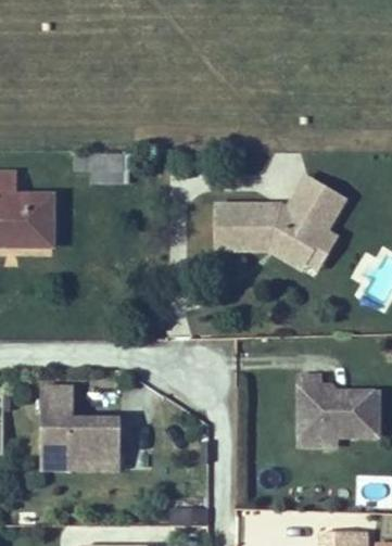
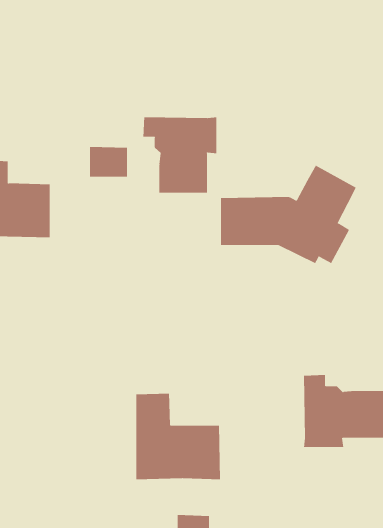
building: none -> [143,117,217,194]
building: [40,382,122,465] -> [136,393,221,480]

